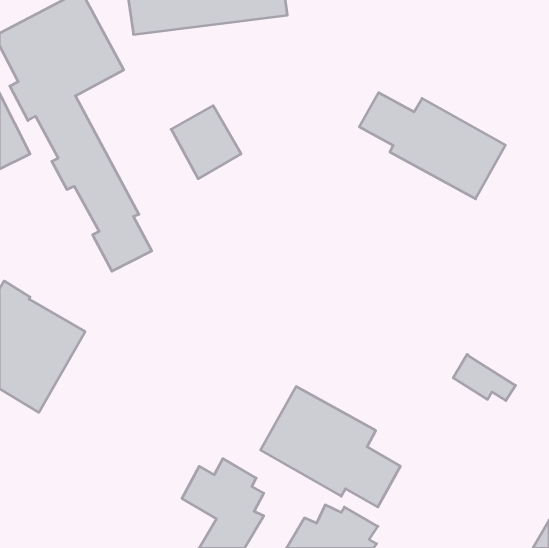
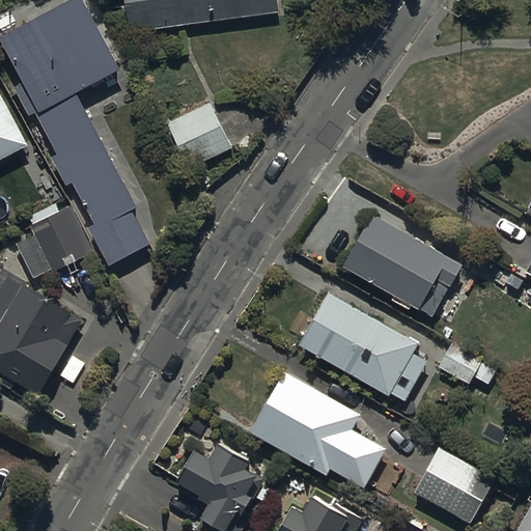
building: [359,93,505,199] -> none
building: none -> [16,204,94,279]
building: none -> [342,215,464,318]
building: none -> [301,292,420,397]
building: none -> [416,448,494,523]

